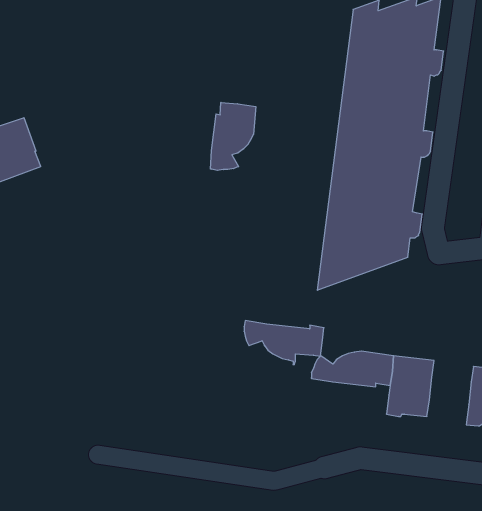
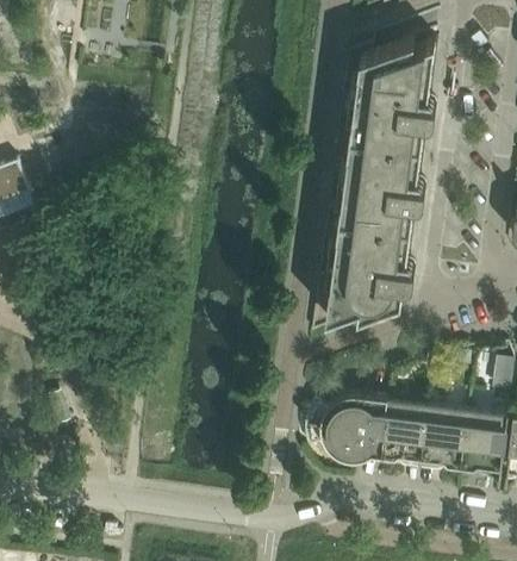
building: [211,102,256,170] -> none
building: [244,321,324,365] -> [311,422,391,466]
building: none -> [428,404,474,468]

